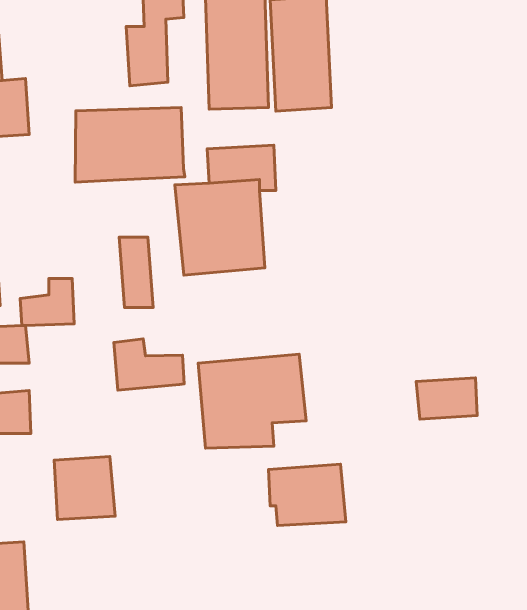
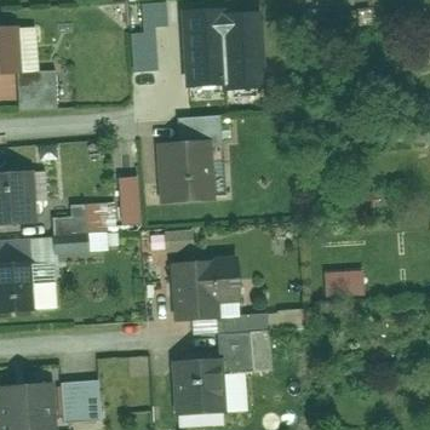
building: [75,107,185,182] -> none
building: [114,339,184,390] -> none
building: [54,457,115,520] -> [63,379,104,422]
building: none -> [173,357,229,414]

